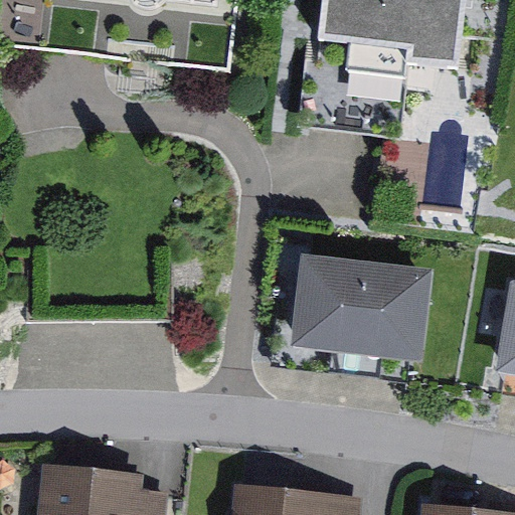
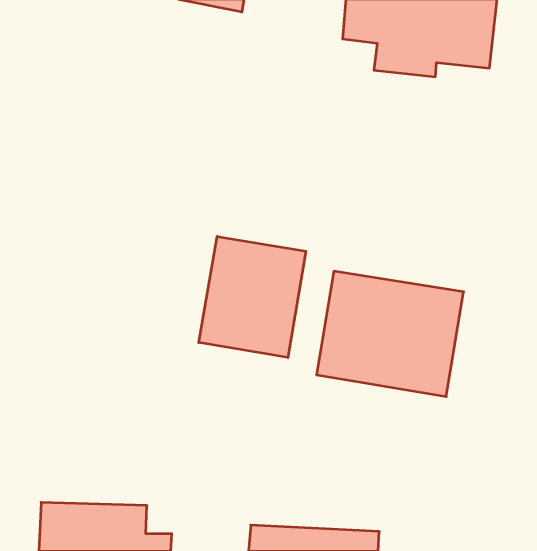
building: none -> [199,236,306,358]

